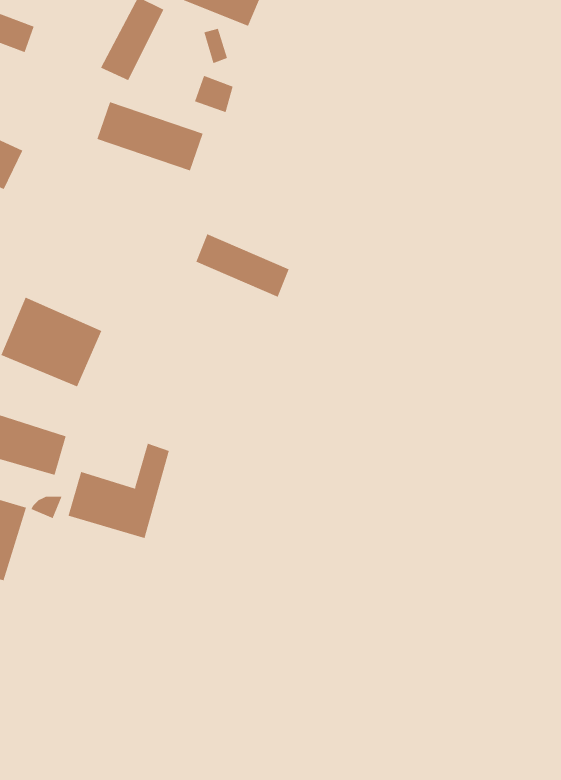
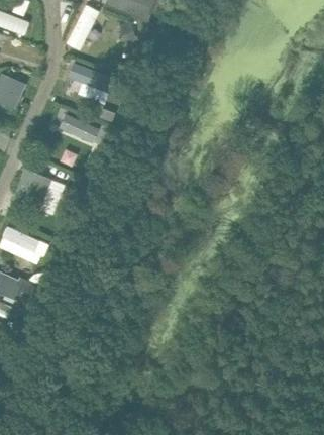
building: [196,234,290,297] -> [51,111,102,145]
building: [68,443,169,539] -> none

